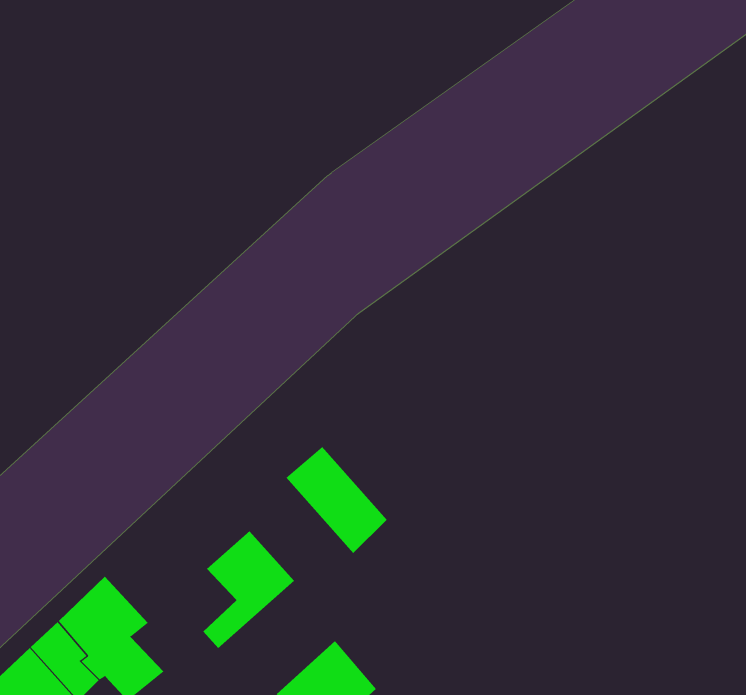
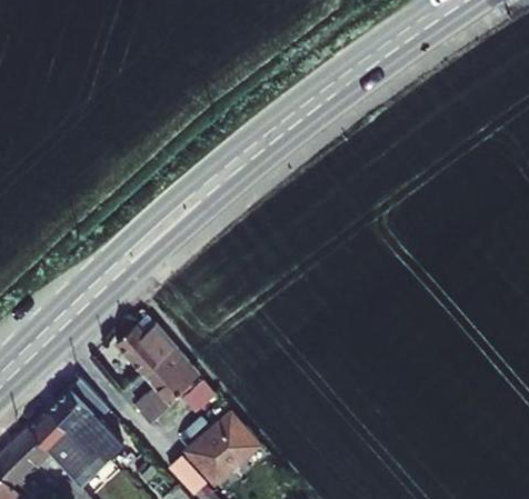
building: [286,446,387,554] -> none
building: none -> [118,327,173,375]

